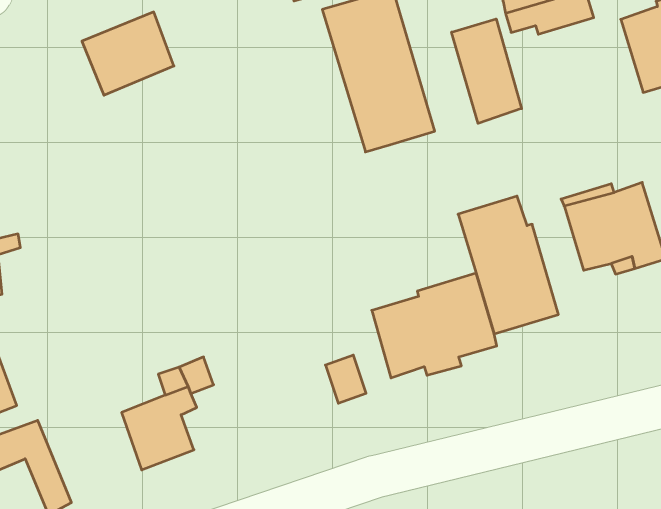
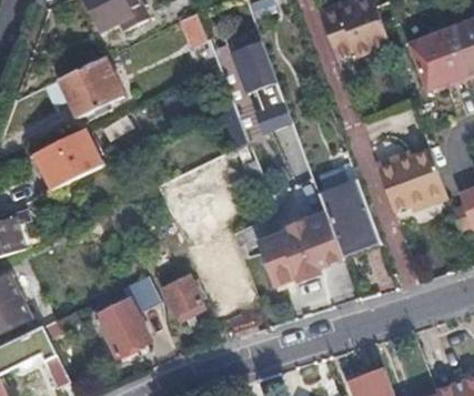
building: [452,19,522,123] -> none
building: none -> [31,130,100,191]
building: none -> [165,283,205,327]

